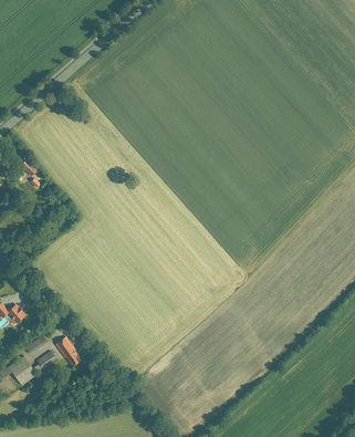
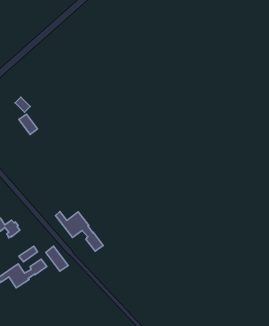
building: none -> [55,212,103,251]

